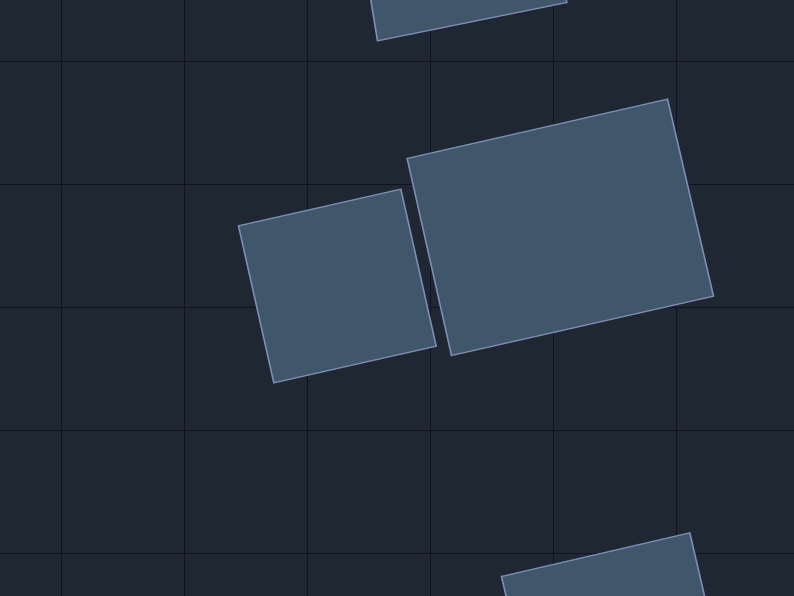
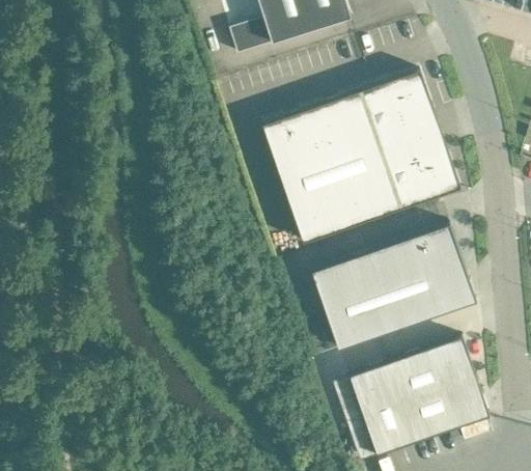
building: [238,189,436,383] -> none
building: none -> [310,224,475,350]

